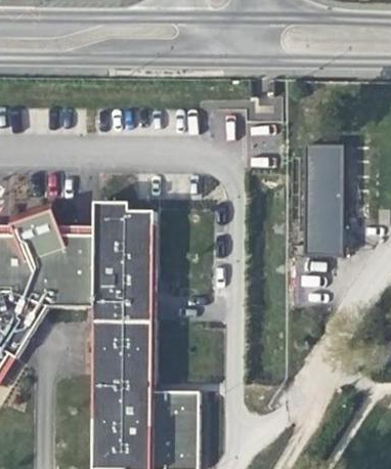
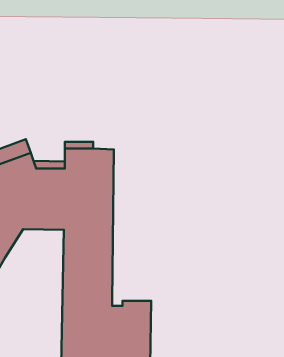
building: [305,146,344,257] -> none

